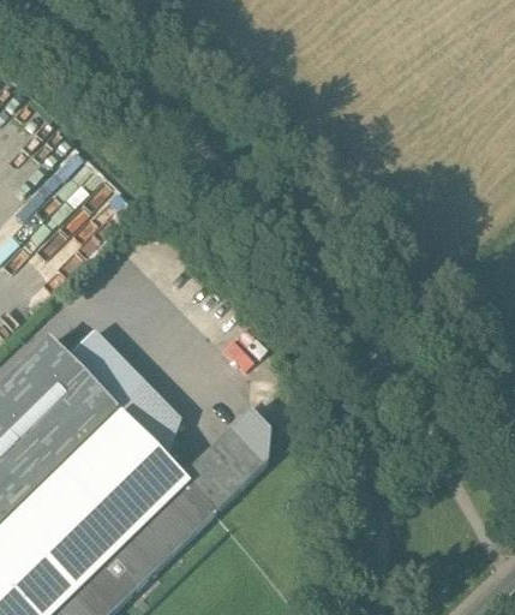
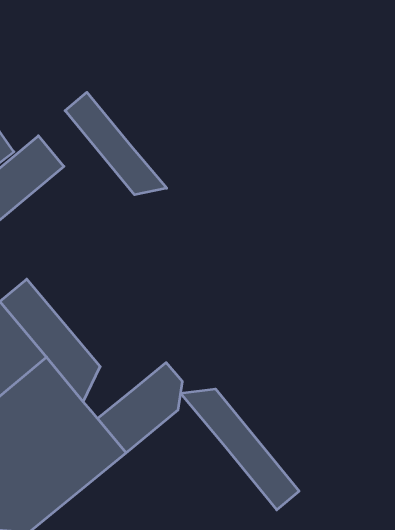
building: none -> [65,92,167,195]
building: none -> [181,389,299,510]

